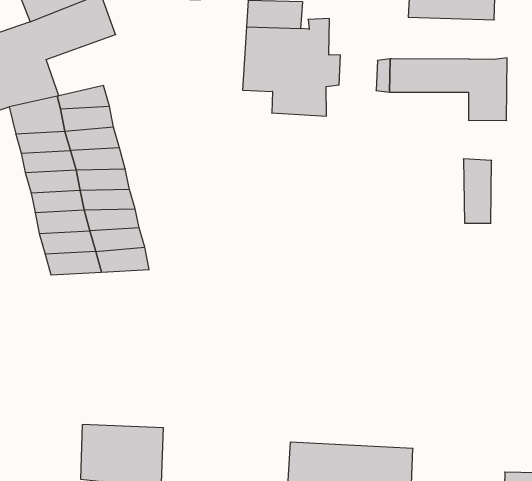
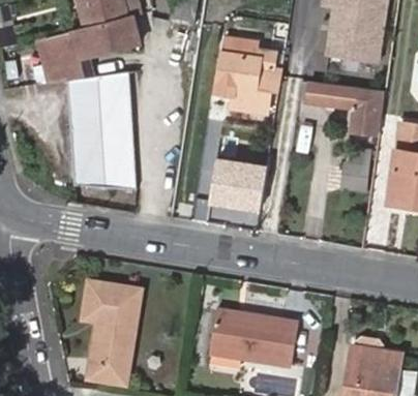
building: none -> [207,158,264,211]

